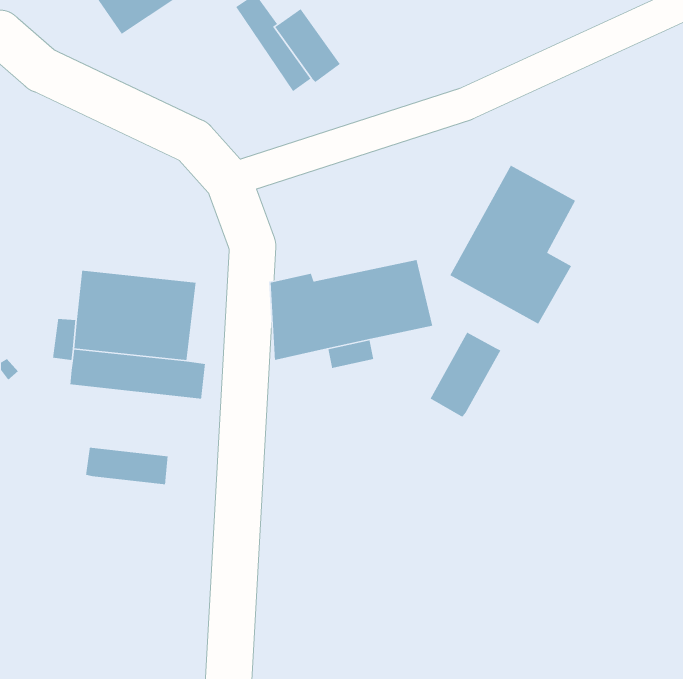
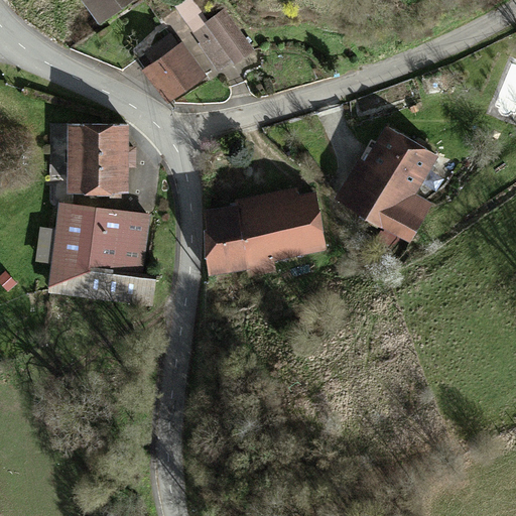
building: none -> [148,29,208,100]
building: none -> [69,129,134,201]
building: [429,332,501,418] -> none
building: [85,447,169,485] -> none

